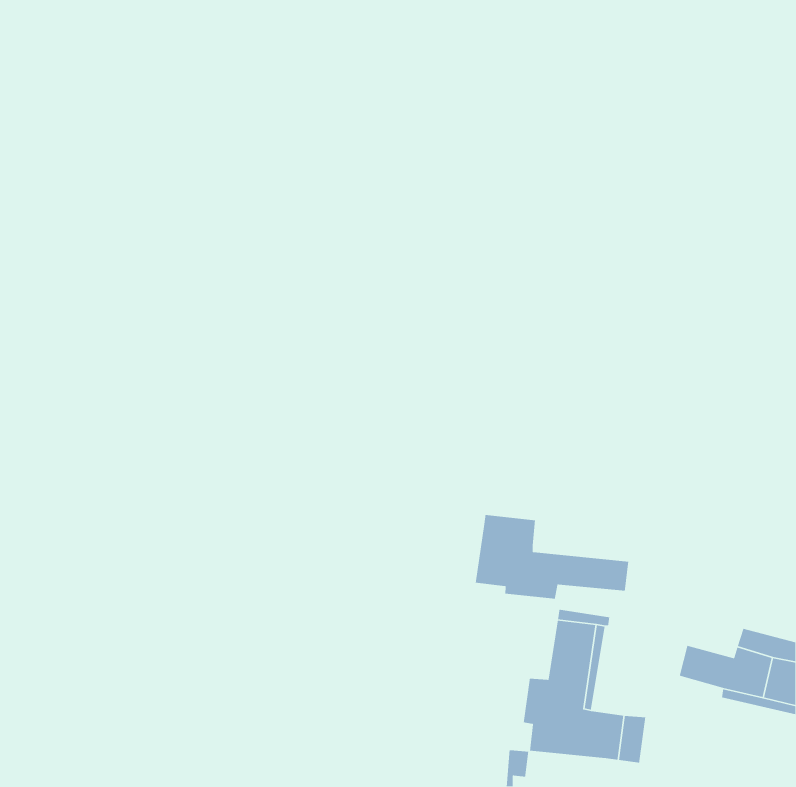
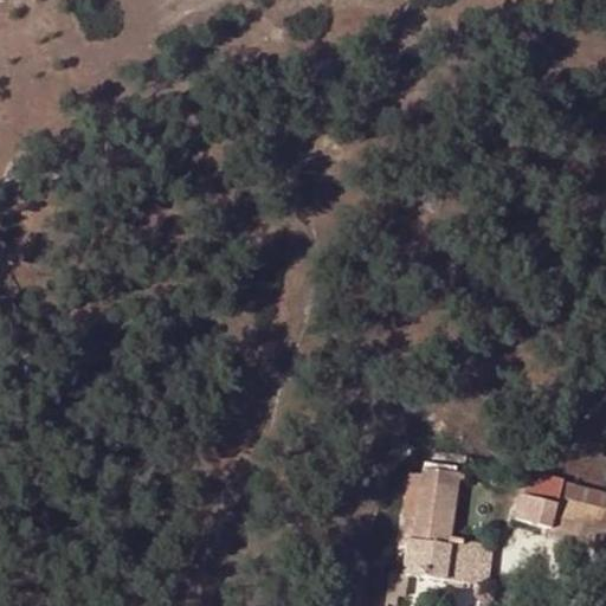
building: [475,514,629,600] -> none

